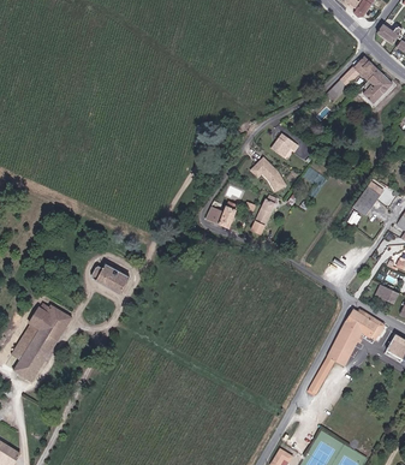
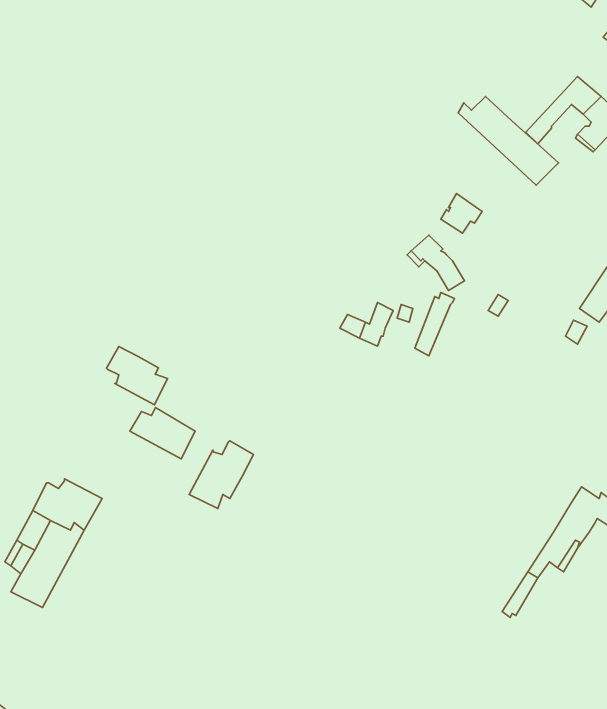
building: none -> [458,96,559,185]
building: none -> [106,346,168,405]
building: none -> [189,441,253,509]

